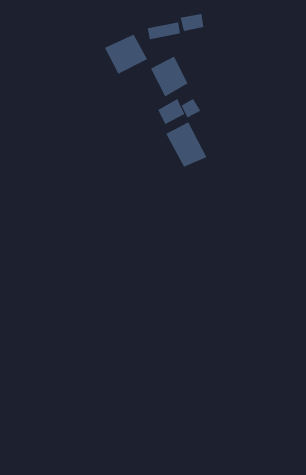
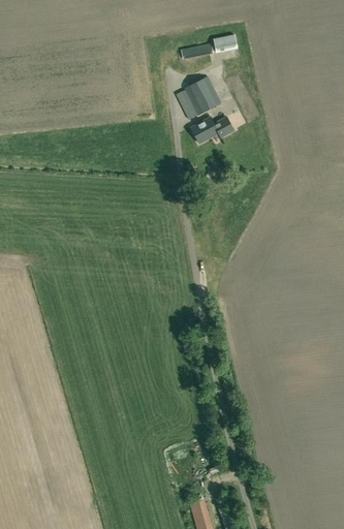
building: [104,34,148,75] -> none
building: [165,122,207,168] -> none

